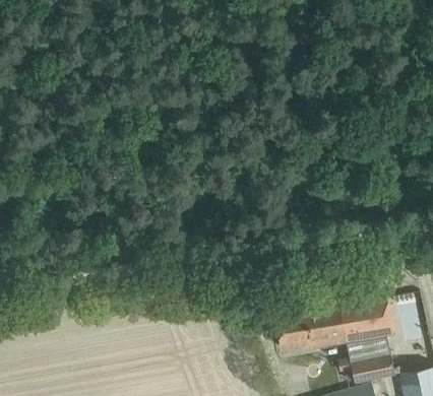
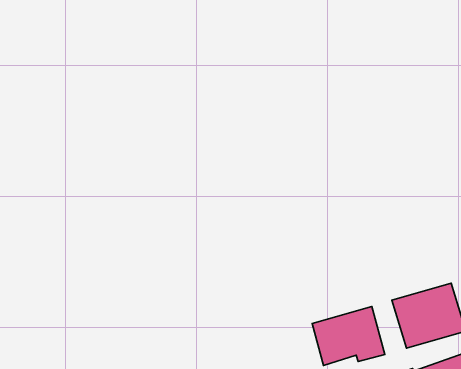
building: [323,306,347,347] -> none

